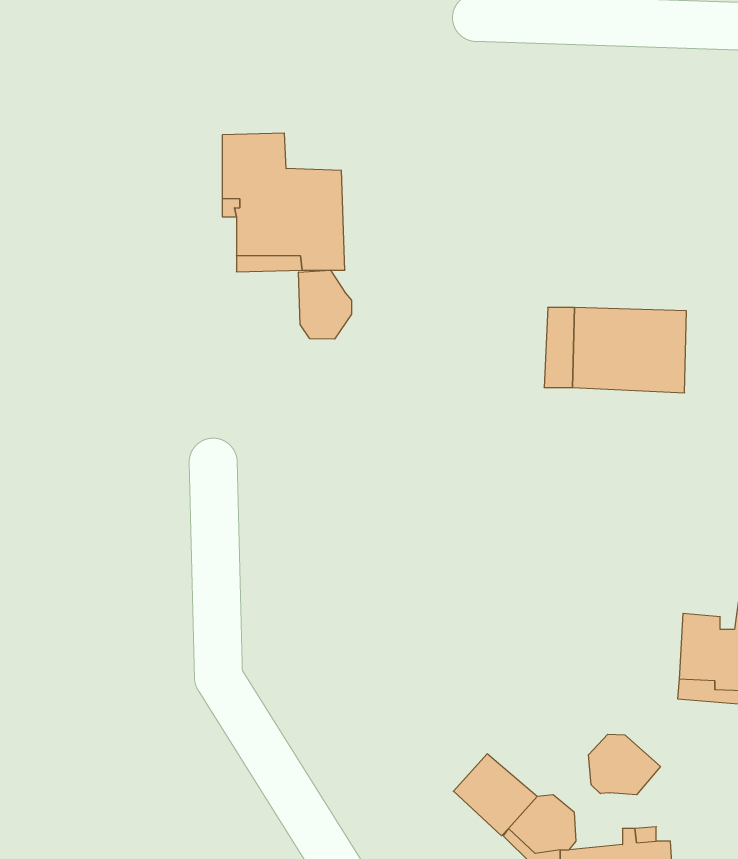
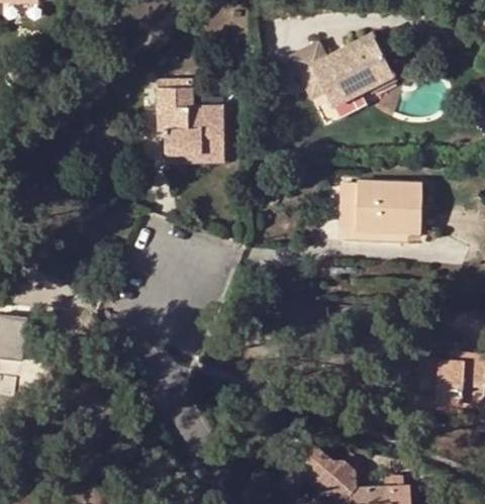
building: none -> [291,32,394,106]
building: [299,270,352,339] -> none
building: [588,734,660,795] -> none

